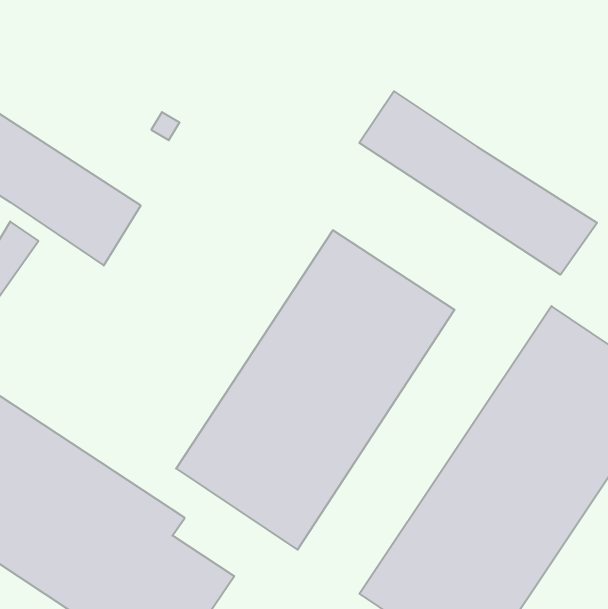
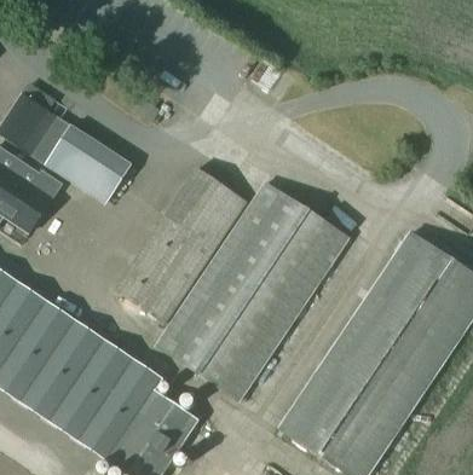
building: [359,91,597,275] -> none
building: none -> [114,166,244,322]

